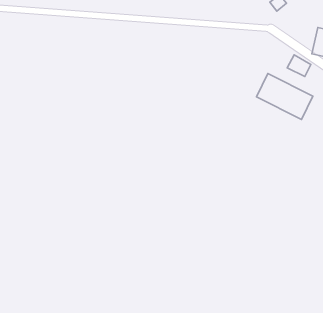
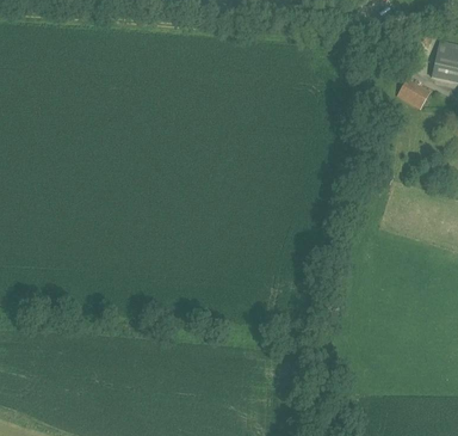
building: [257,74,313,119] -> none

